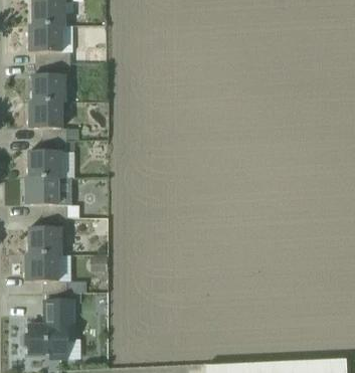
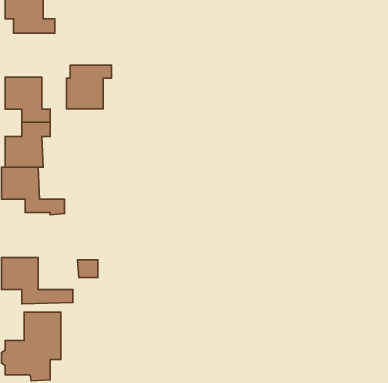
building: [32,62,70,100] -> [66,65,112,109]
building: [28,214,66,252] -> none

